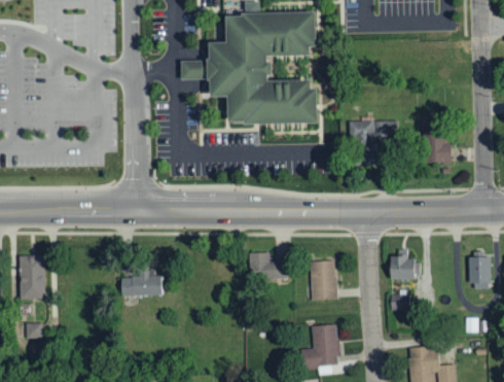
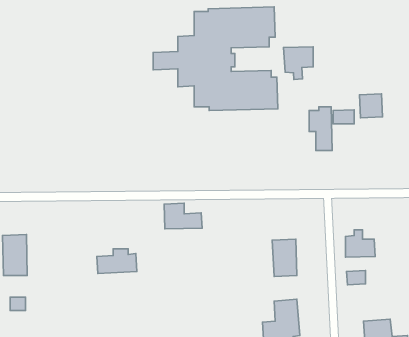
building: none -> [284,47,313,79]
building: [427,139,452,165] -> [360,94,382,118]
building: [248,252,289,280] -> [164,203,202,229]

